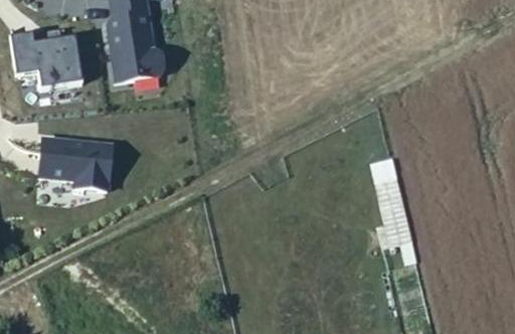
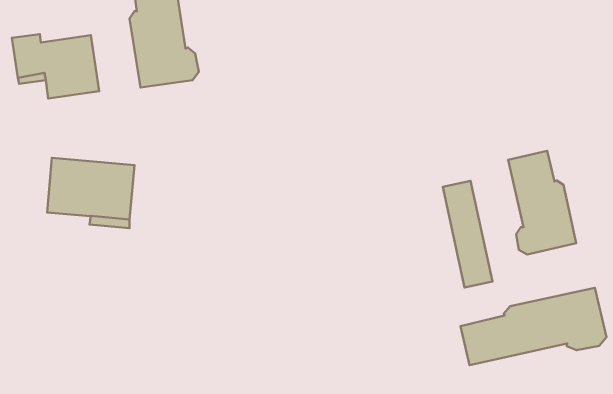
building: none -> [508,151,576,255]
building: none -> [461,288,607,365]

